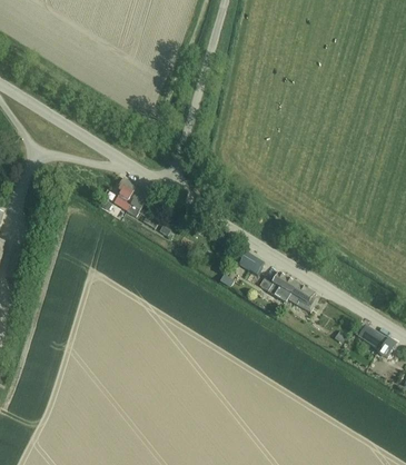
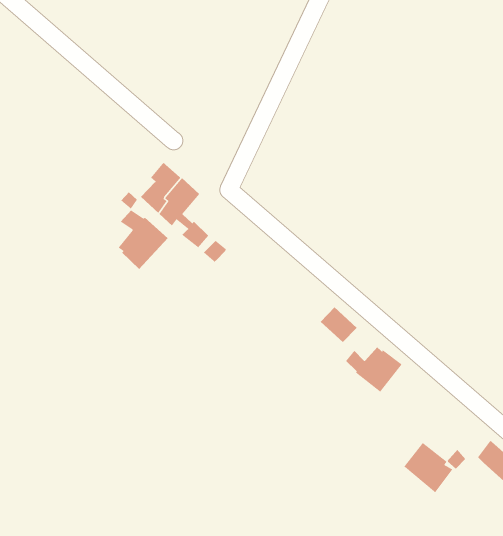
building: none -> [118,209,168,270]
building: [285,280,318,311] -> [401,442,453,493]

